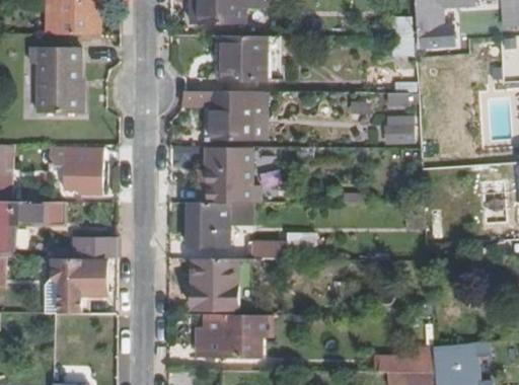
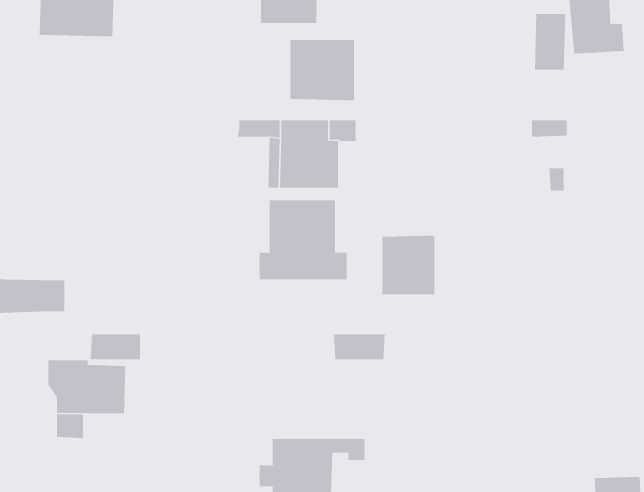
building: [25,46,77,113] -> none
building: [51,148,102,195] -> none
building: none -> [382,235,435,295]
building: [189,203,229,243] -> none
building: [193,265,238,308] -> none

